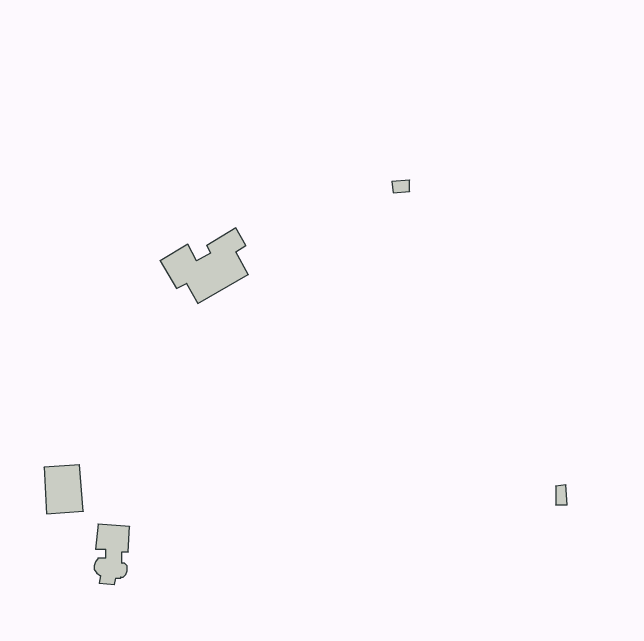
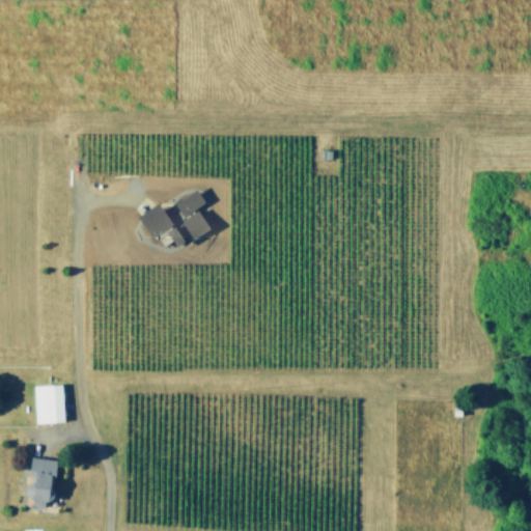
building: [94,524,130,585] -> [31,458,60,508]

